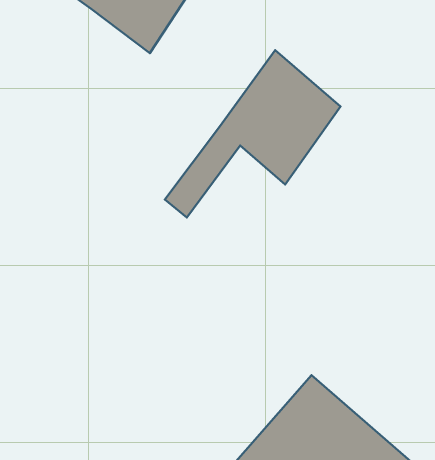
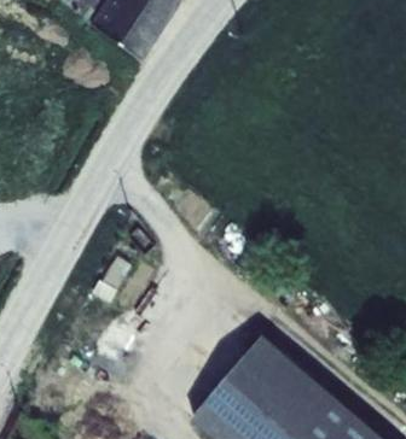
building: [165,50,340,217] -> none

